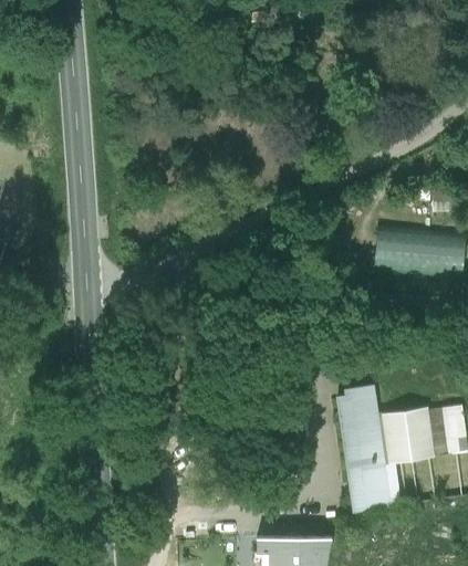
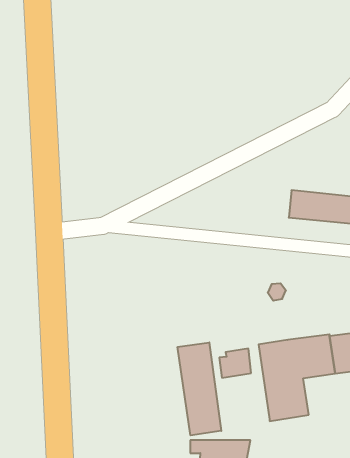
building: [336,384,375,419] -> [219,349,251,378]
building: none -> [178,342,221,435]

